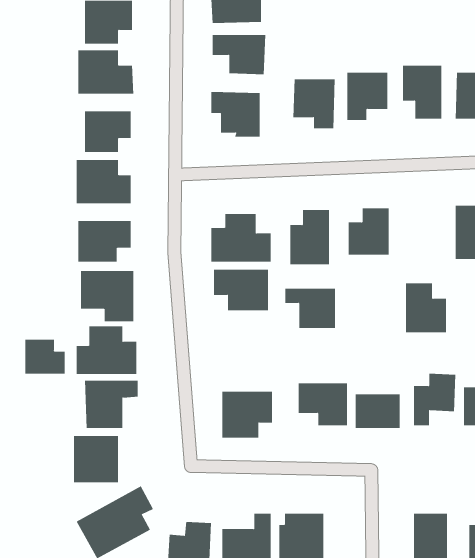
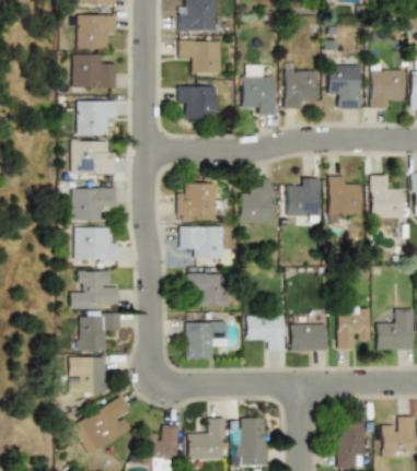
building: [405,283,447,333] -> [327,176,360,215]
building: [285,288,336,328] -> [187,274,228,306]
building: [25,339,65,375] -> none

